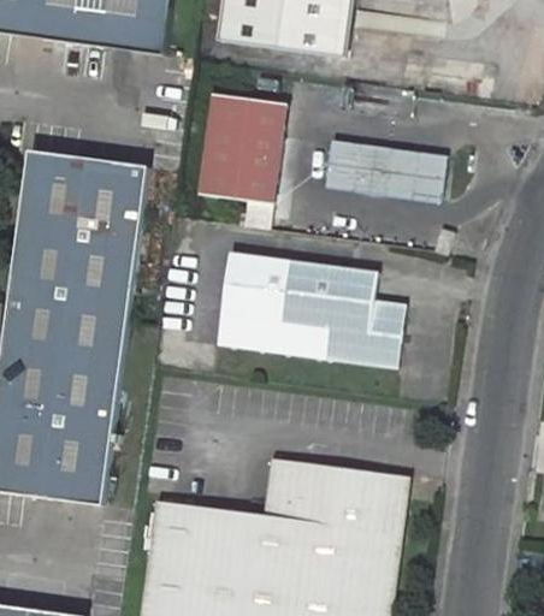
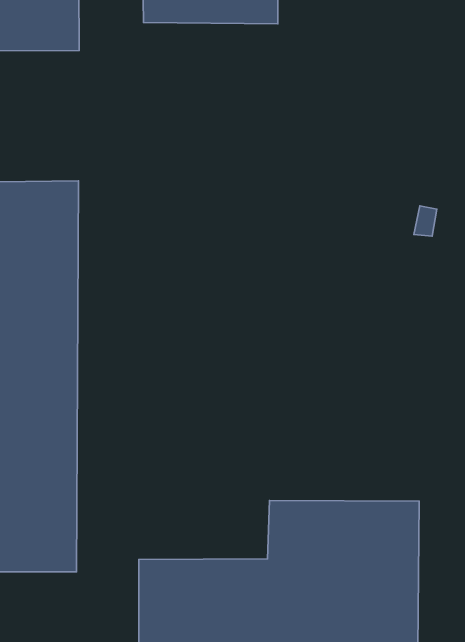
building: [196,94,280,227] -> none
building: [324,147,442,196] -> none
building: [218,250,406,366] -> none

